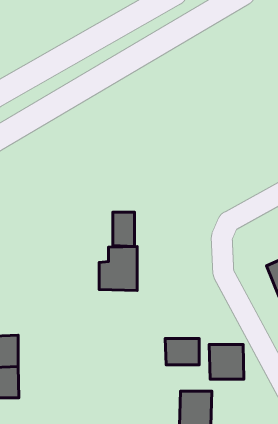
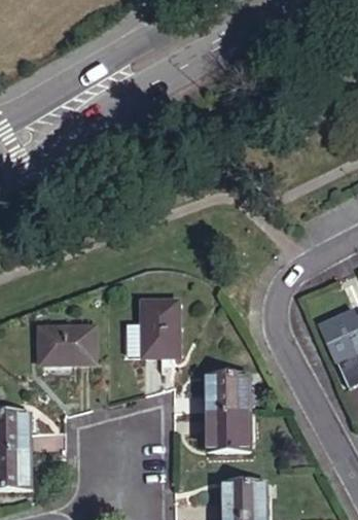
building: [113,212,134,246] -> none
building: none -> [33,325,86,361]
building: [209,344,244,379] -> [203,372,245,414]

